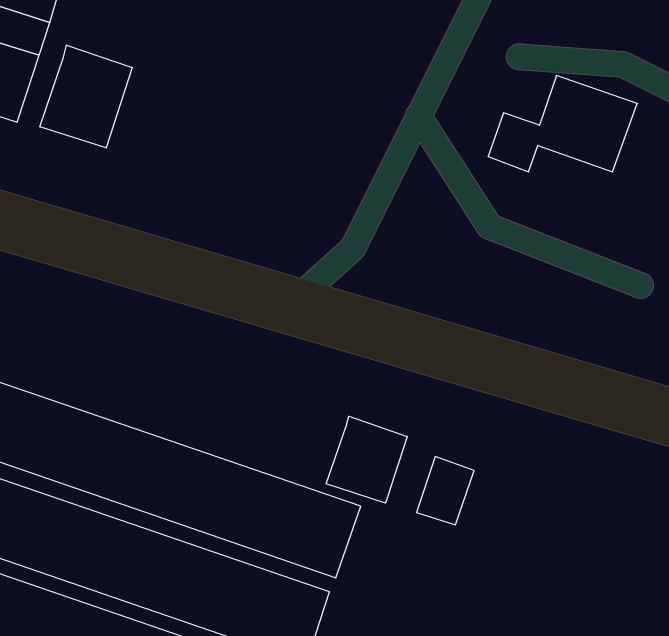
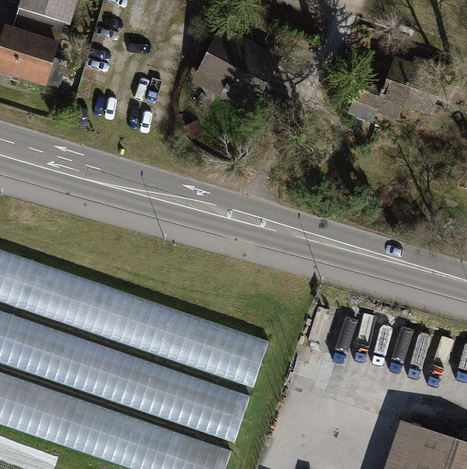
building: none -> [191,36,275,117]
building: [40,45,132,148] -> none
building: [326,416,407,503] -> none

